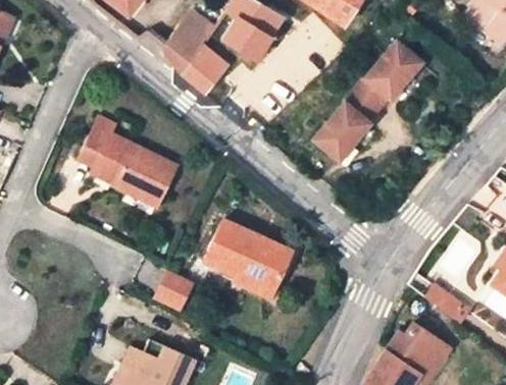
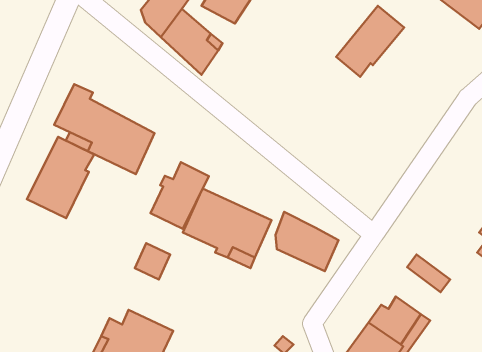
building: [314,92,377,161] -> none
building: none -> [27,137,94,218]
building: none -> [150,162,209,229]
building: none -> [275,212,339,271]

